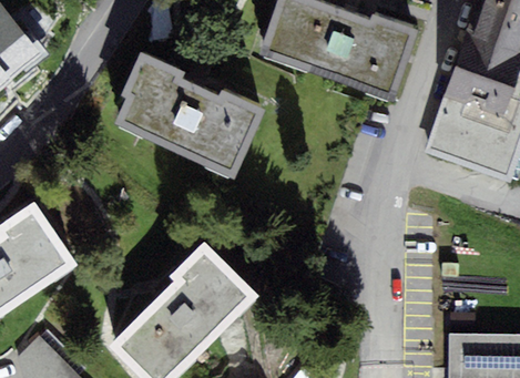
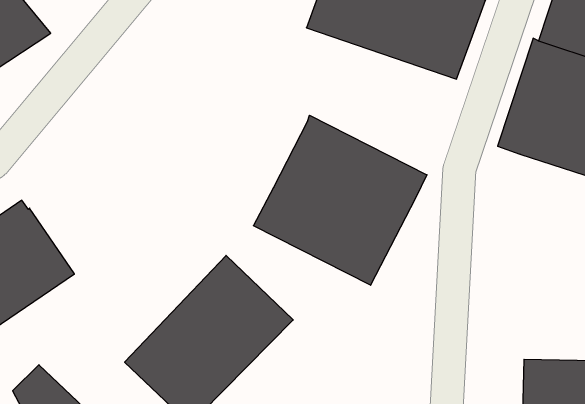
building: [110,48,259,173] -> none
building: none -> [253,115,427,285]

